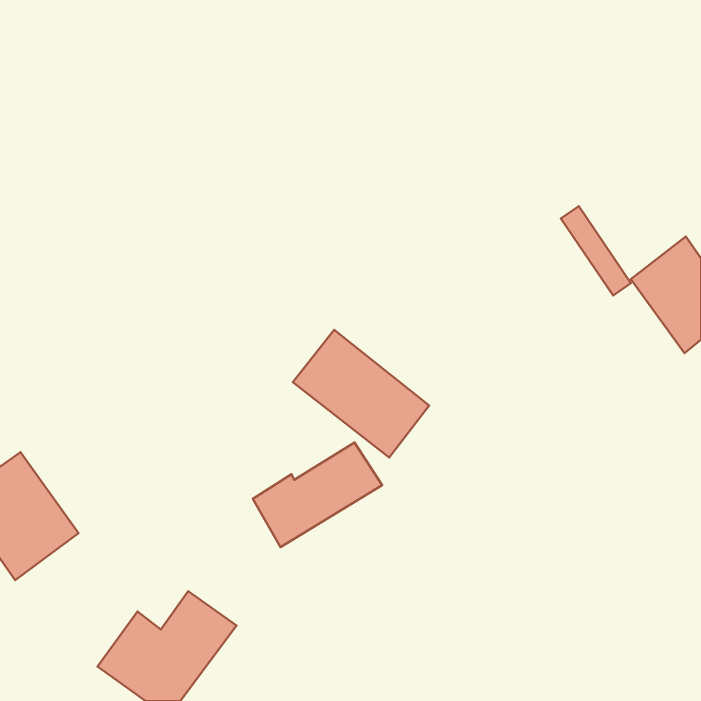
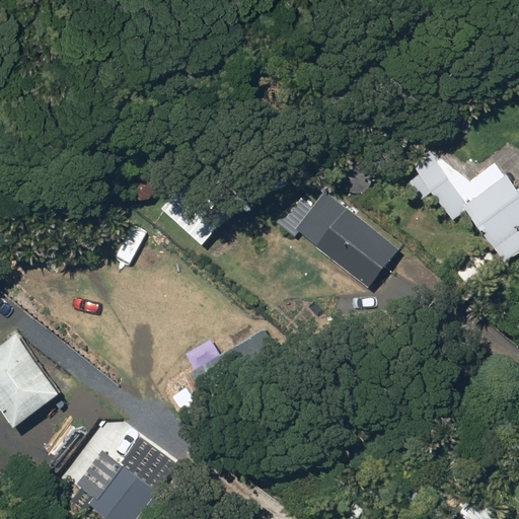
building: [293,330,429,458] -> [296,193,396,287]

